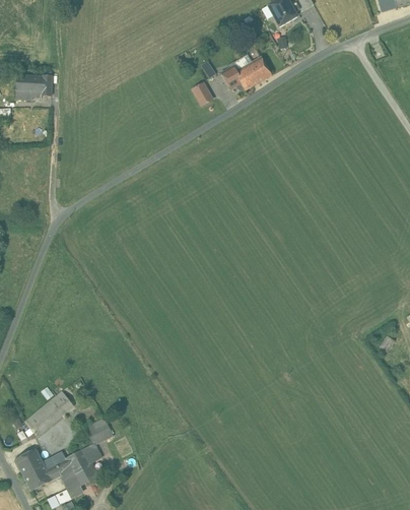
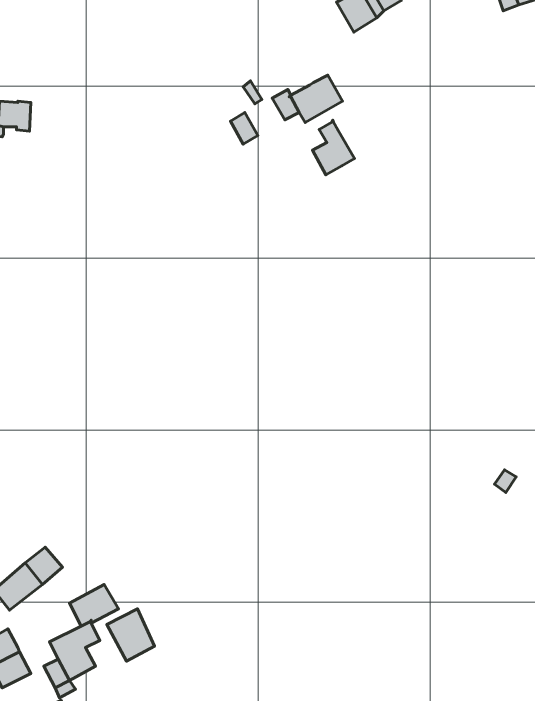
building: none -> [313,120,355,175]
building: none -> [107,609,155,661]
building: [42,451,70,480] -> none

